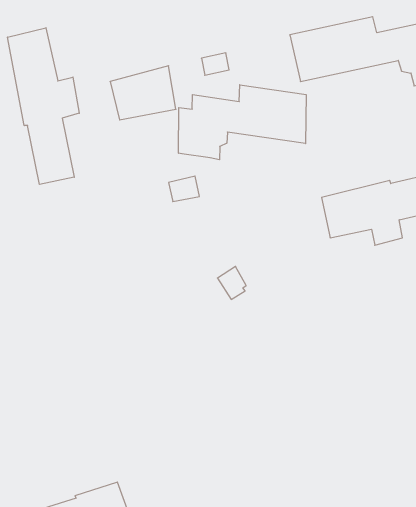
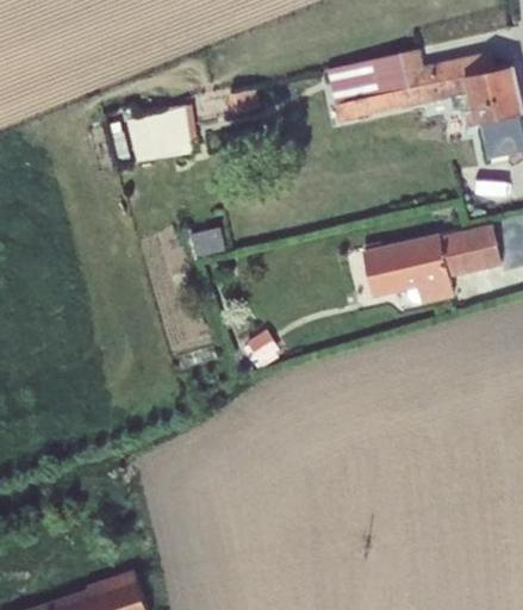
building: [8,28,79,184] -> none
building: [179,85,306,160] -> none

